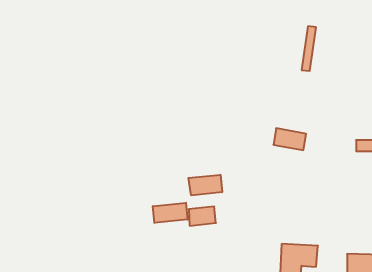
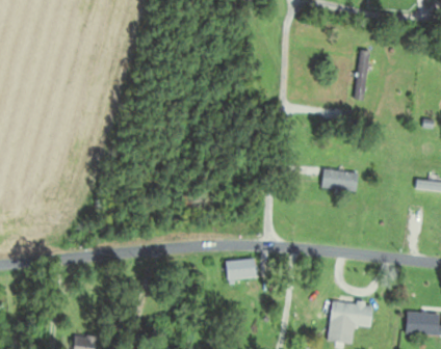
building: [188,175,222,195] -> none
building: [153,203,187,223] -> none

